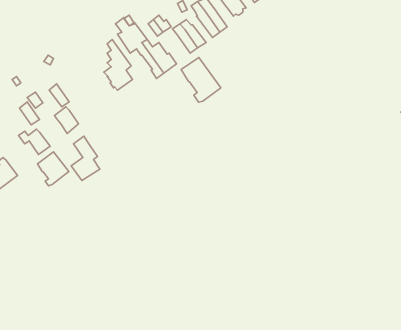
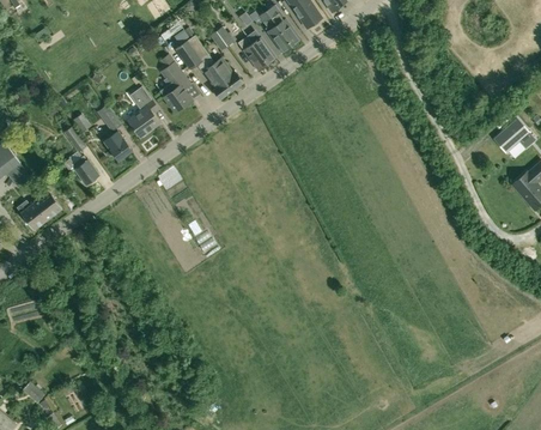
building: [181,57,221,102] -> none
building: [71,136,100,181] -> [128,87,160,138]
building: [37,152,69,186] -> none

